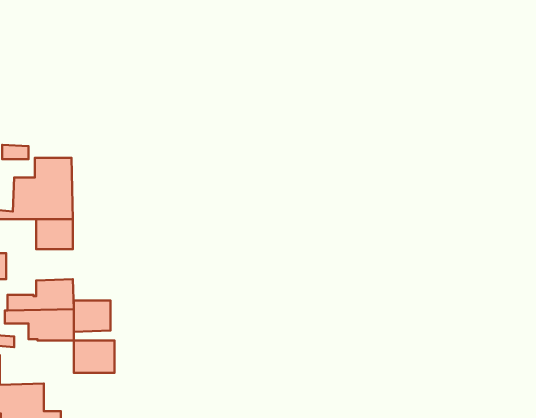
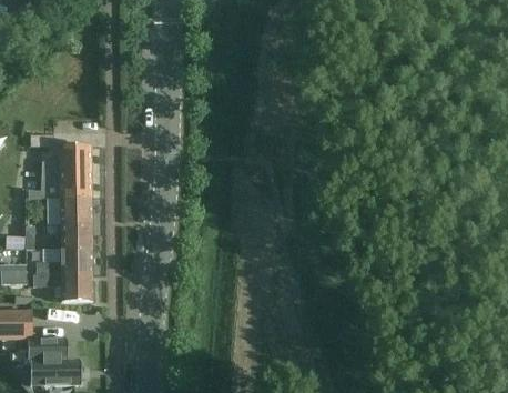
building: [74,301,110,332] -> [60,222,91,249]
building: [74,341,114,373] -> none

